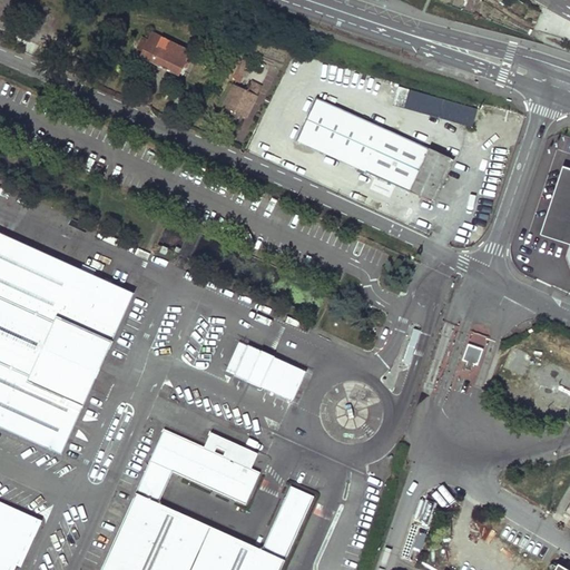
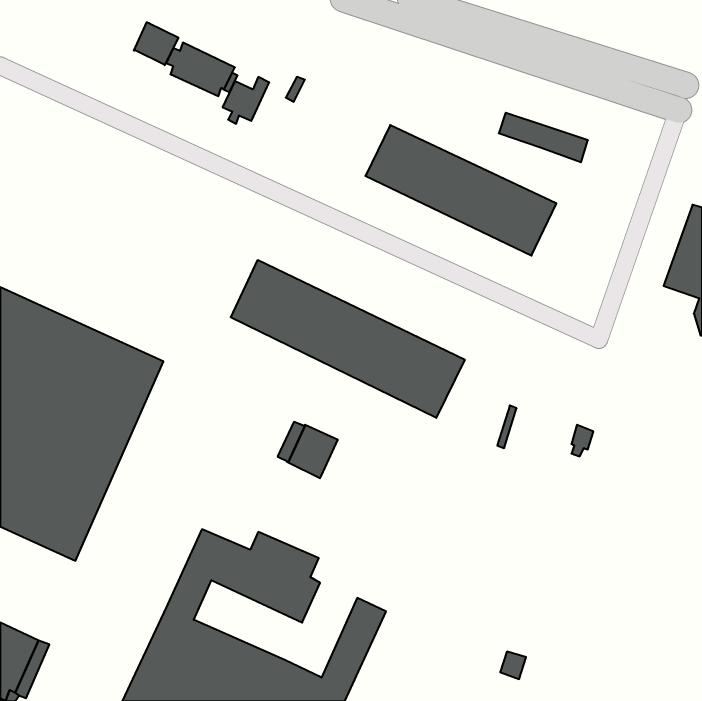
building: none -> [134,22,178,65]
building: [223,81,261,119] -> [223,77,269,124]
building: none -> [231,260,465,418]
building: [261,356,305,401] -> none

